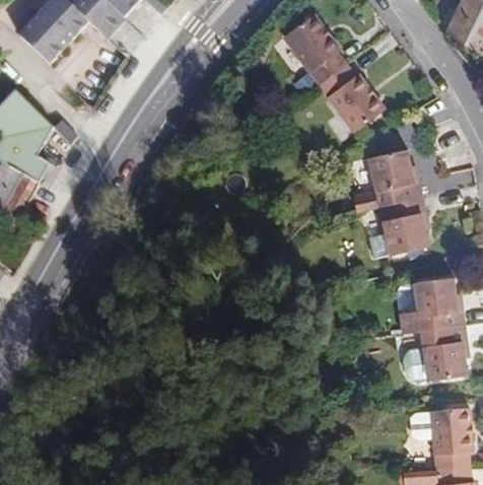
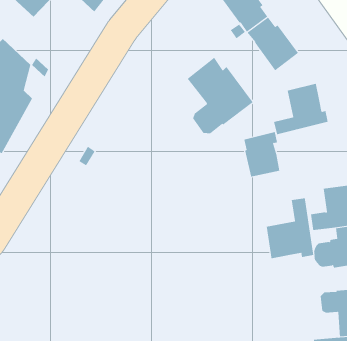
building: none -> [187,57,254,134]
building: [382,196,428,254] -> [243,131,280,177]
building: none -> [266,198,314,259]

